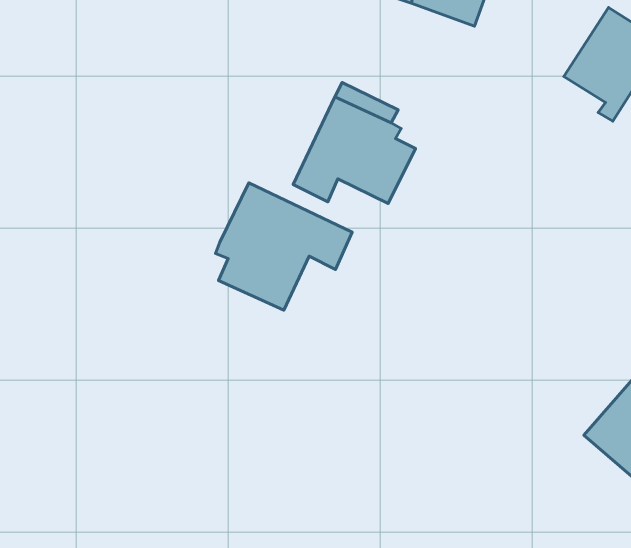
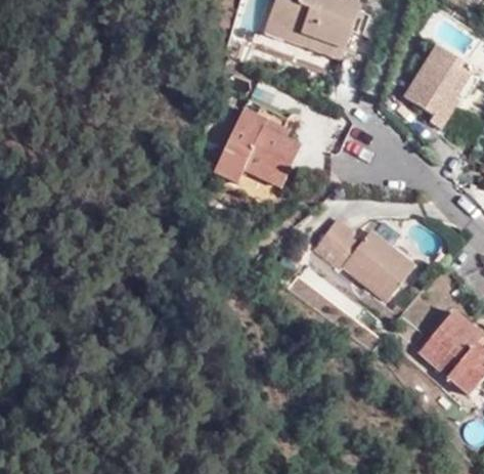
building: [216,183,352,310] -> none
building: none -> [314,219,414,300]

